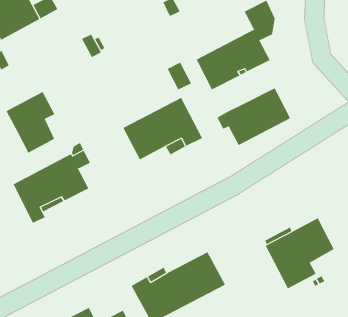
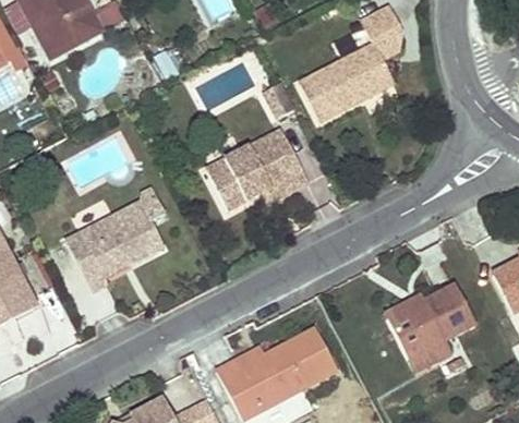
building: [217,87,291,146] -> none
building: [5,91,55,153] -> none

